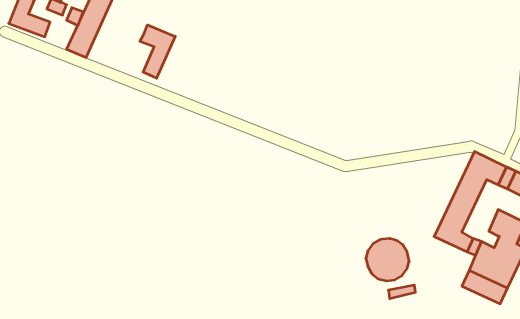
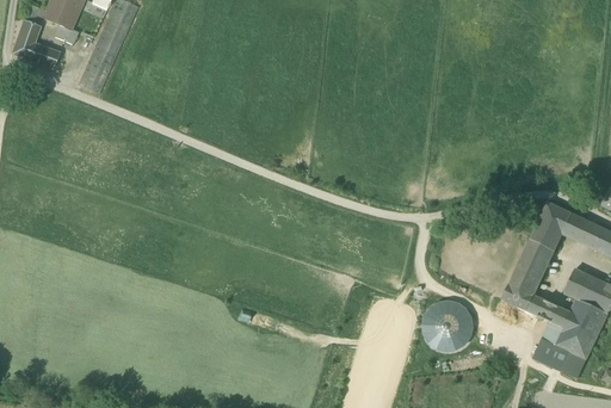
building: [140,25,175,78] -> none

